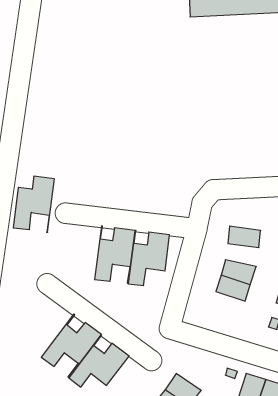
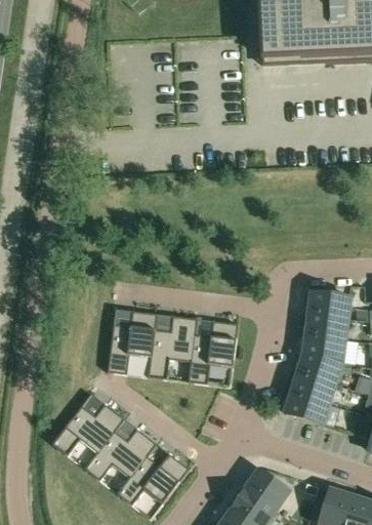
building: [13,176,54,232] -> [108,310,157,376]
building: none -> [309,291,349,318]
building: none -> [304,333,344,361]
building: none -> [286,391,328,423]
building: none -> [52,403,124,469]
building: none -> [246,469,289,509]

